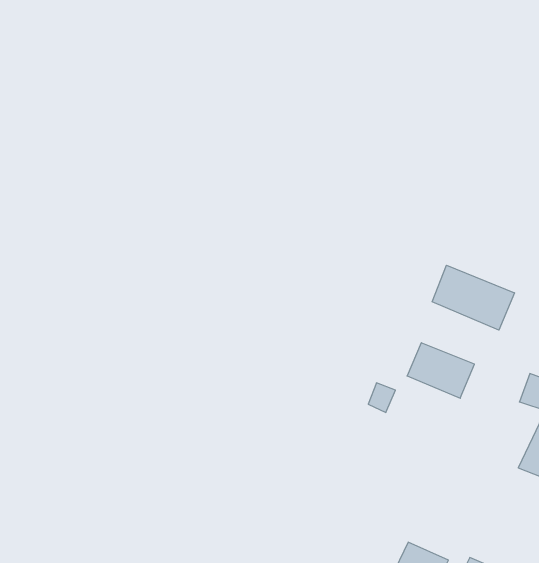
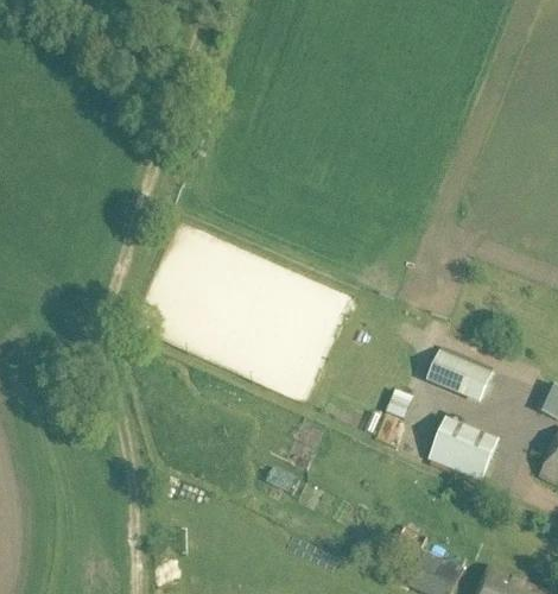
building: [432,265,514,330] -> none
building: none -> [427,417,499,480]

